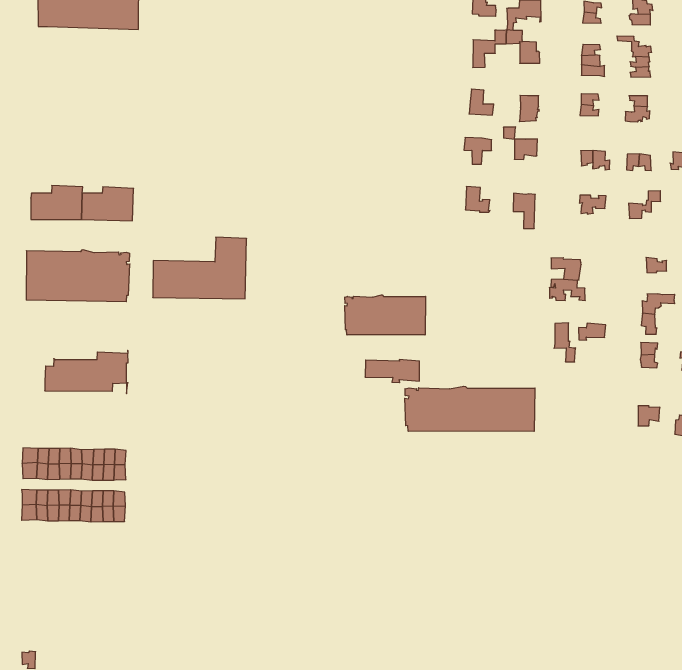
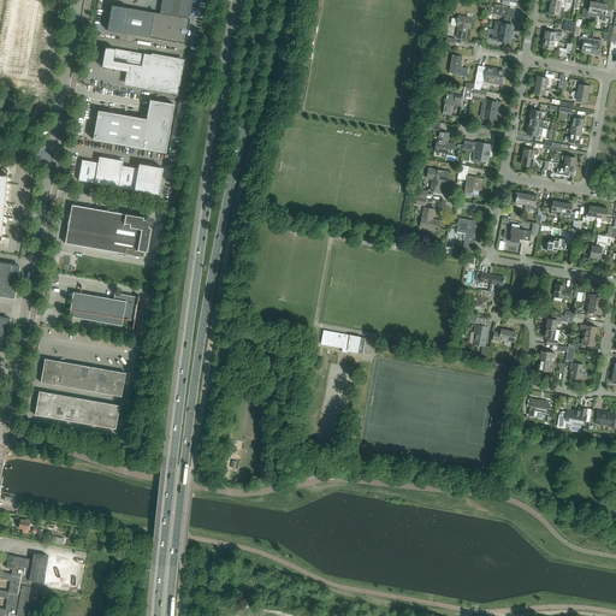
building: none -> [101,47,182,91]
building: [153,237,247,299] -> [93,100,173,152]
building: [345,295,426,335] -> none
building: [405,386,535,431] -> none

